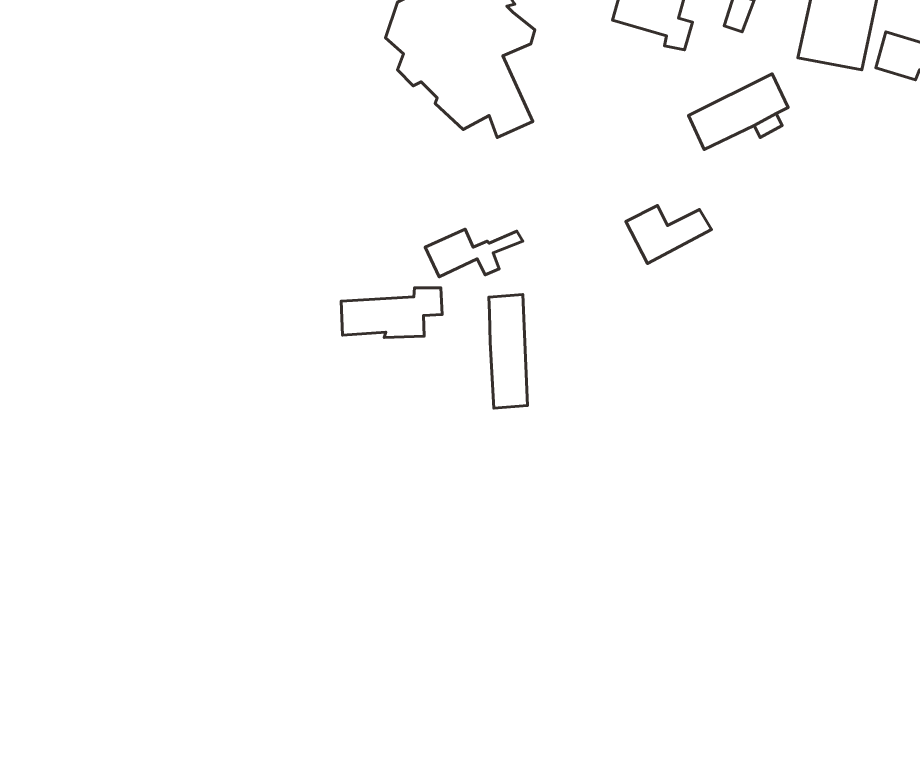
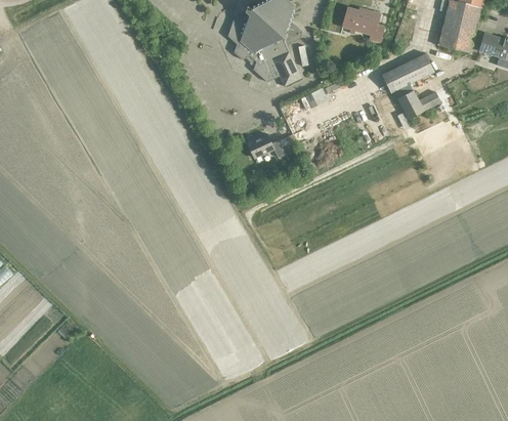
building: [626,206,711,263] -> [397,89,441,119]
building: [341,288,442,338] -> none
building: [489,295,528,408] -> none

